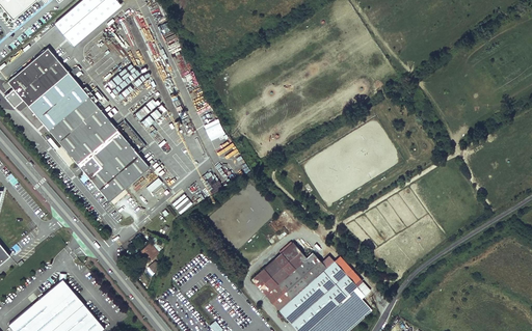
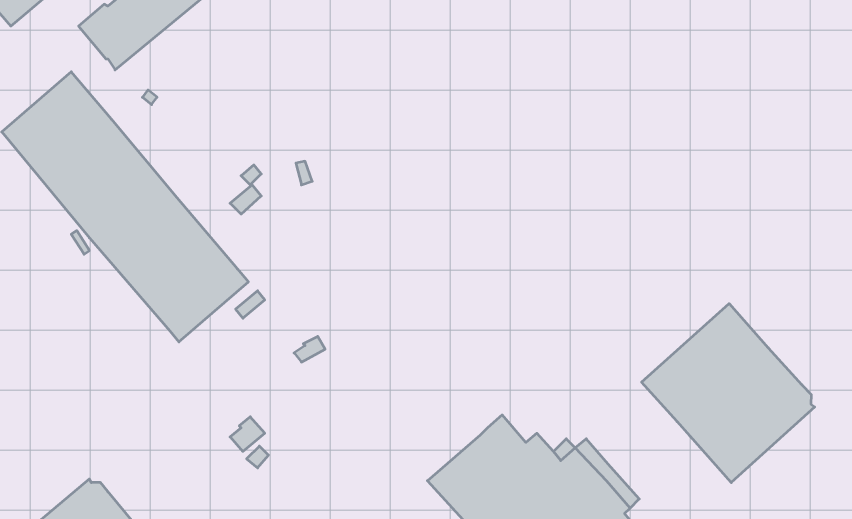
building: none -> [642,304,815,483]

